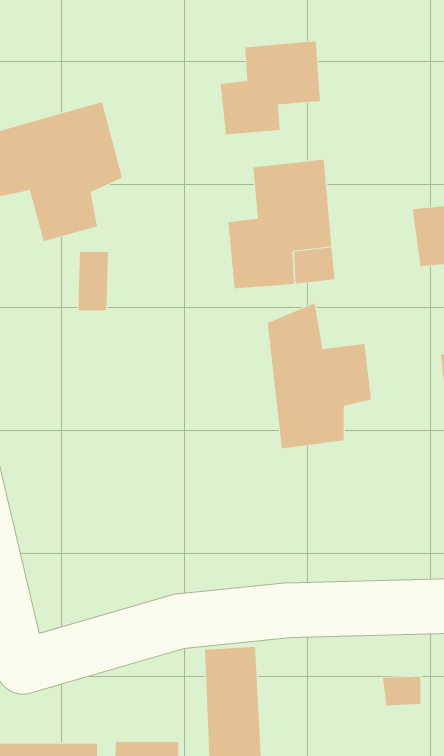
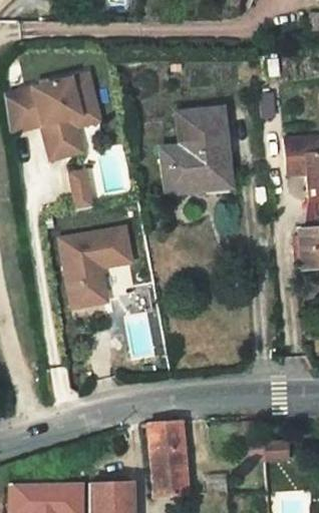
building: [220,41,320,135] -> none
building: [267,303,371,449] -> none
building: none -> [55,239,126,321]

